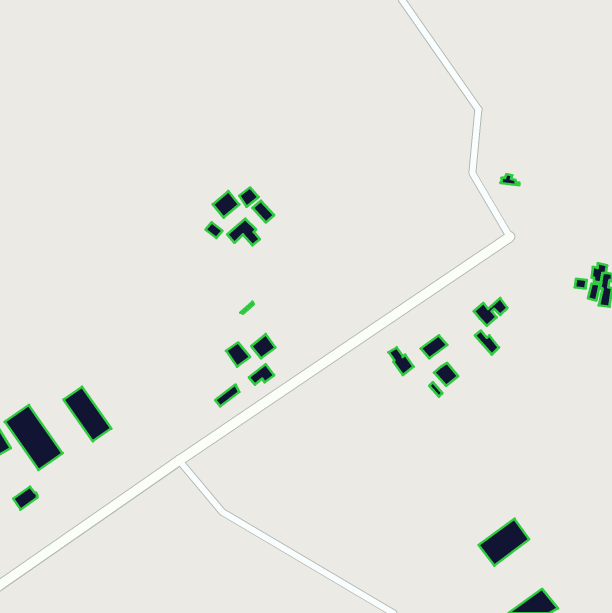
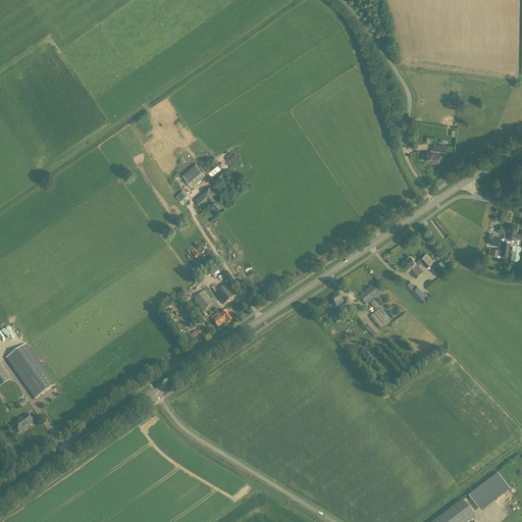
building: [64,387,111,441] -> none
building: [479,519,529,566] -> [467,472,510,512]

